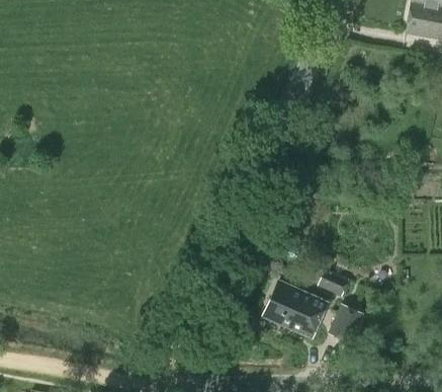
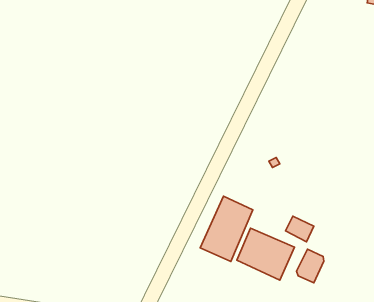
building: none -> [200,196,253,262]

